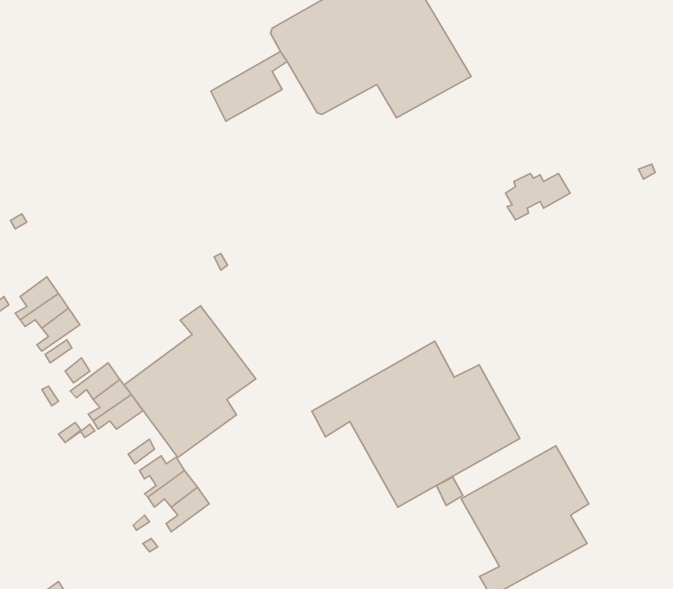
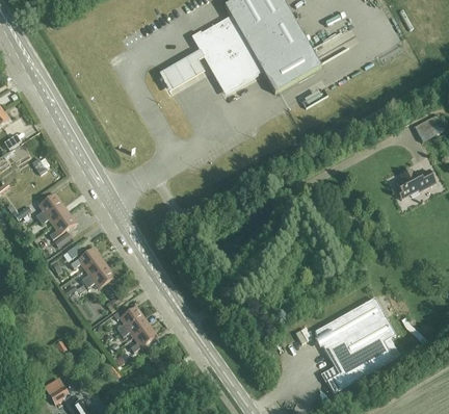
building: [505,173,570,220] -> [395,169,435,198]
building: [124,306,256,457] -> none
building: [312,341,520,507] -> none

